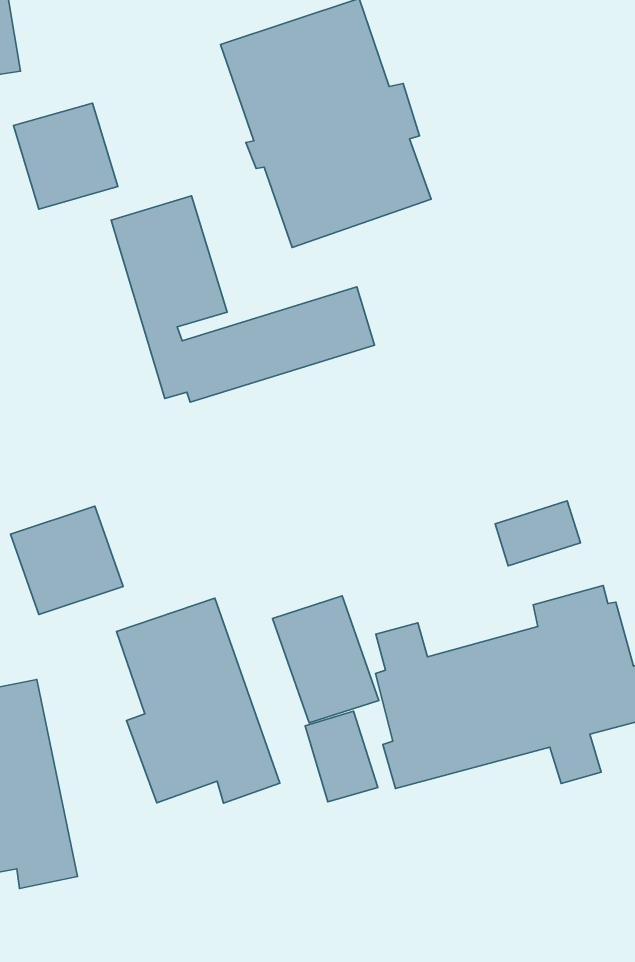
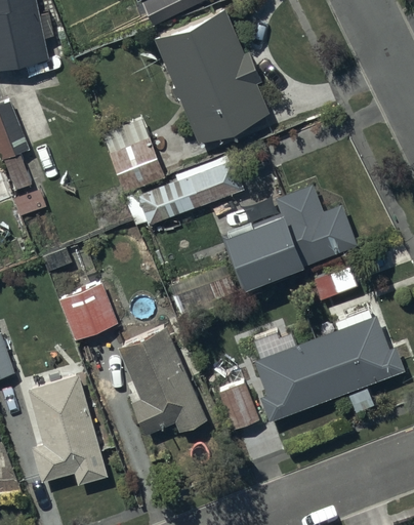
building: [14,103,118,209] -> none
building: none -> [223,181,359,290]
building: [273,596,379,723] -> none

